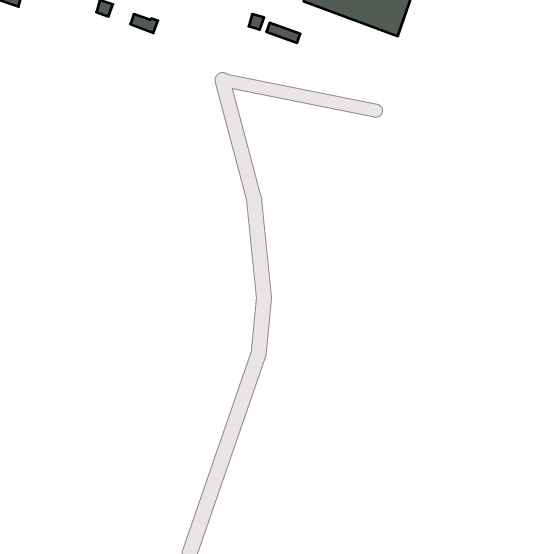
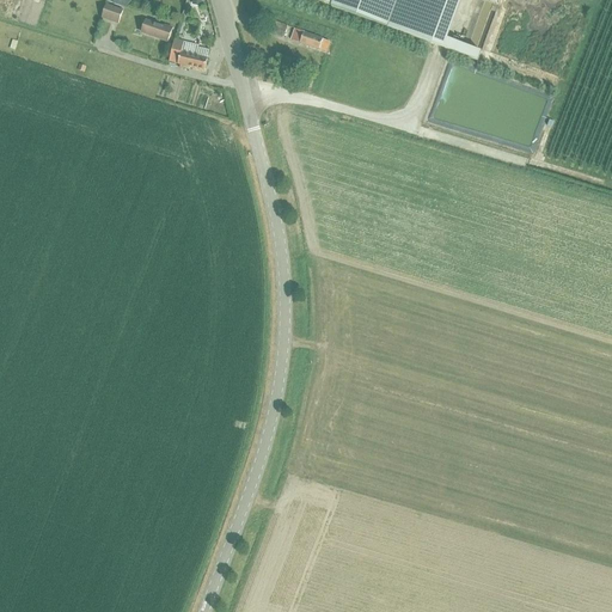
building: none -> [171,35,208,65]

